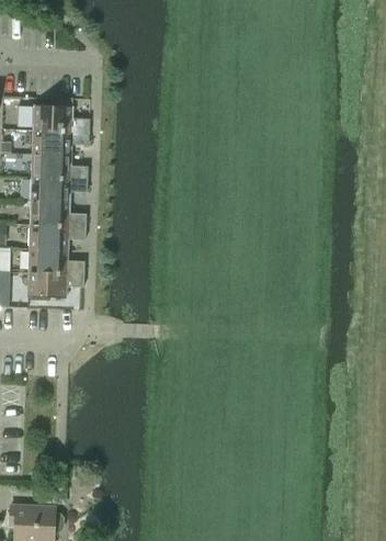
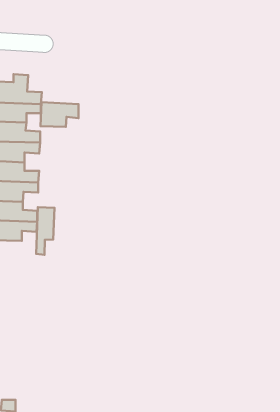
building: none -> [40,102,79,127]
building: none -> [36,207,55,255]

